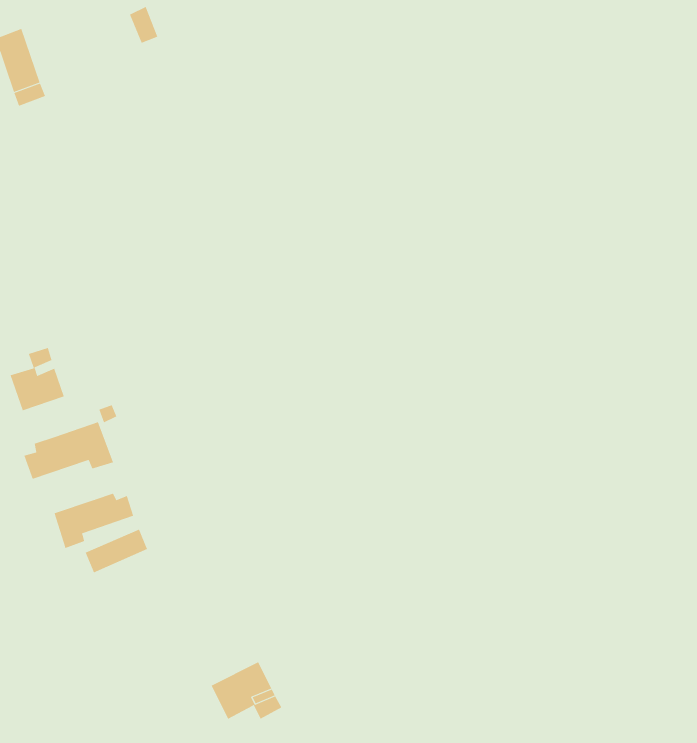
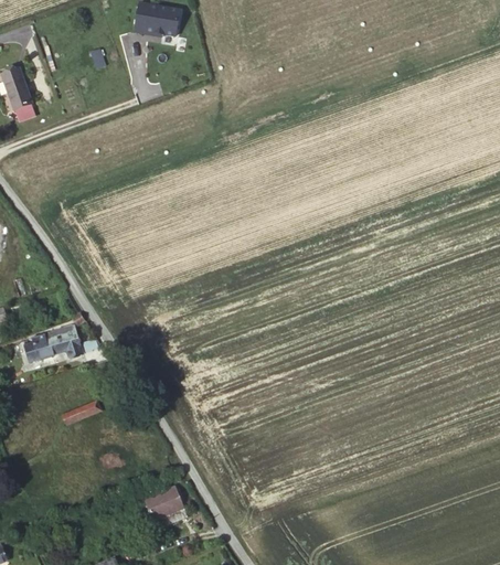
building: [10,347,64,411] -> none
building: [54,493,134,549] -> none

